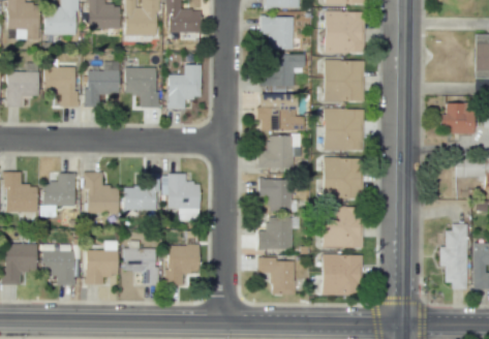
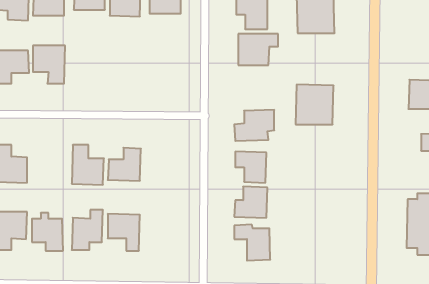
building: [324,60,364,102] -> none
building: [85,61,120,109] -> none
building: [167,65,202,110] -> none
building: [124,67,157,109] -> none
building: [255,94,303,131] -> none
building: [322,158,362,201] -> none
building: [42,174,74,206] -> none
building: [161,175,200,221] -> none
building: [323,207,362,249] -> none
building: [165,245,200,286] -> none
building: [322,255,361,296] -> none

